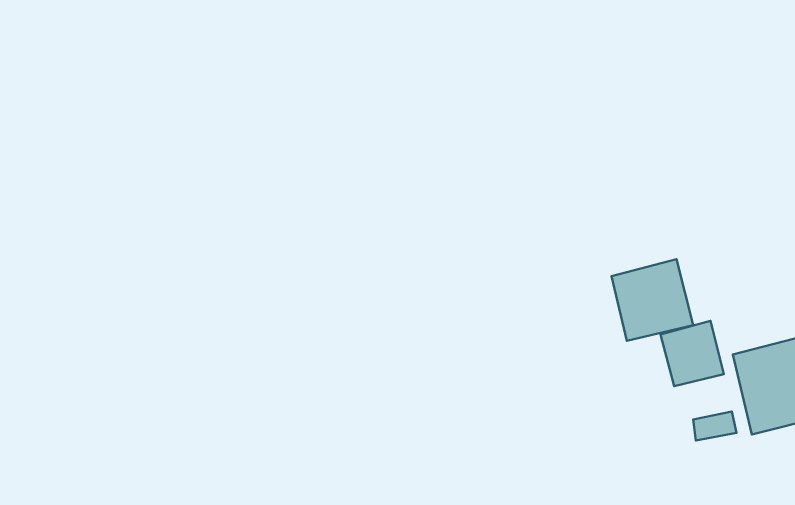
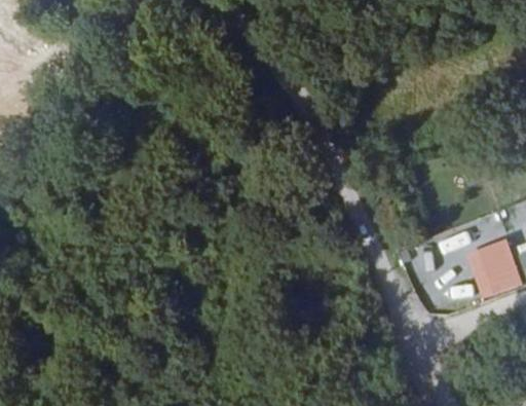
building: [611,259,693,341] -> none

